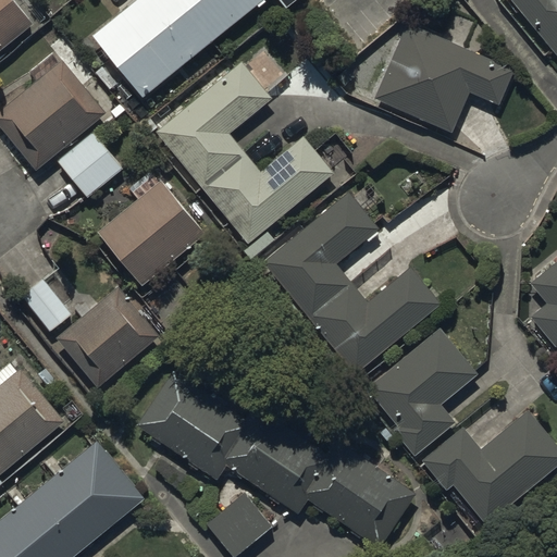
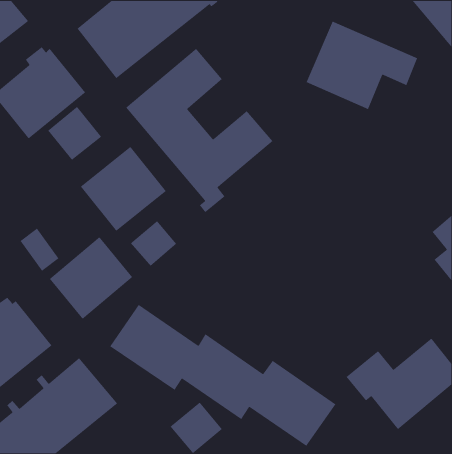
building: [262,191,443,373] -> none
building: none -> [130,220,177,267]
building: [368,326,480,455] -> none

